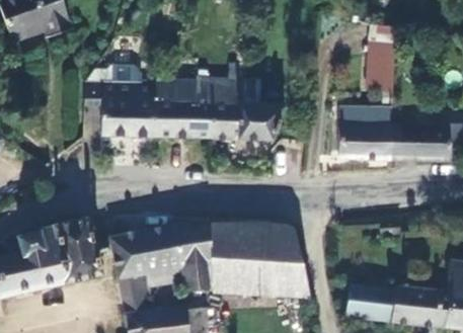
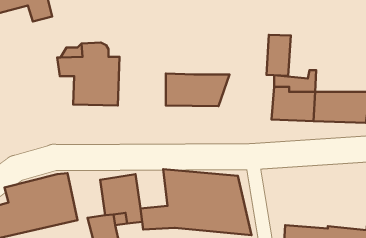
building: [365,37,394,87] -> [266,35,291,76]
building: [151,75,243,140] -> none
building: [172,217,211,264] -> none
building: [106,230,136,275] -> none

